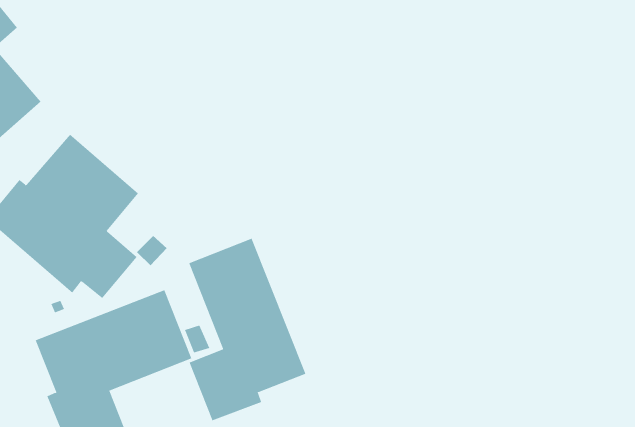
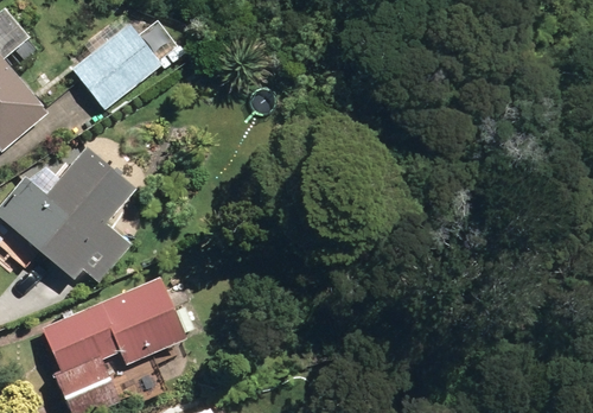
building: none -> [77,23,167,112]
building: [188,238,306,421] -> none

